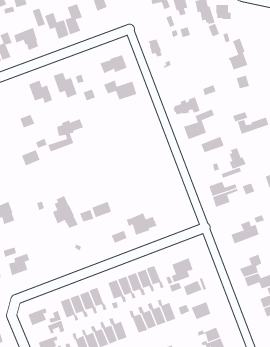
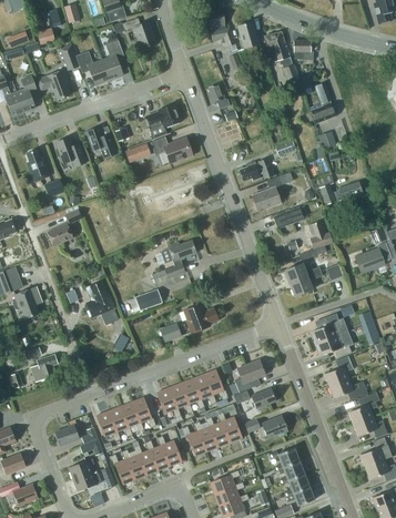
building: none -> [27,148,50,181]
building: [48,119,84,152] -> [150,240,195,282]
building: none -> [315,331,352,357]

